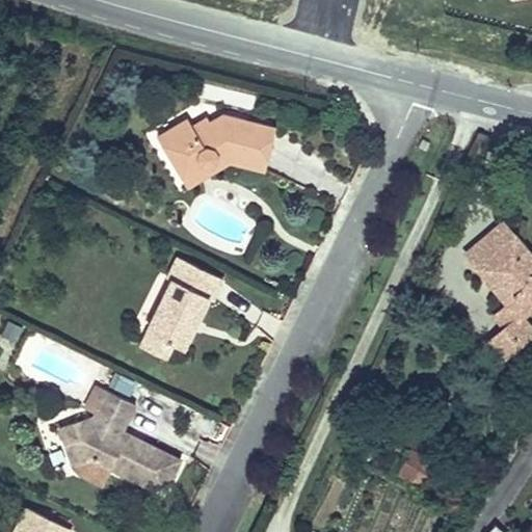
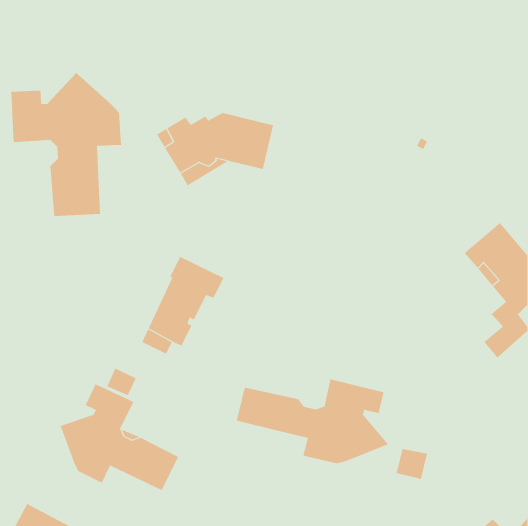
building: none -> [11,72,121,217]
building: none -> [236,379,389,464]

